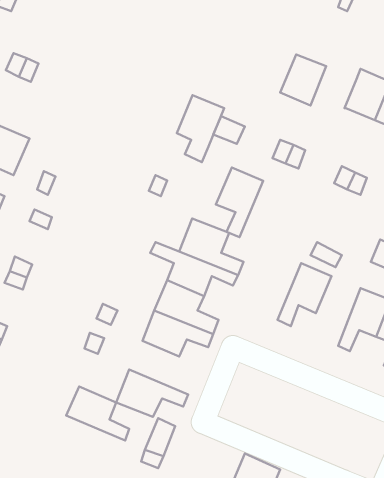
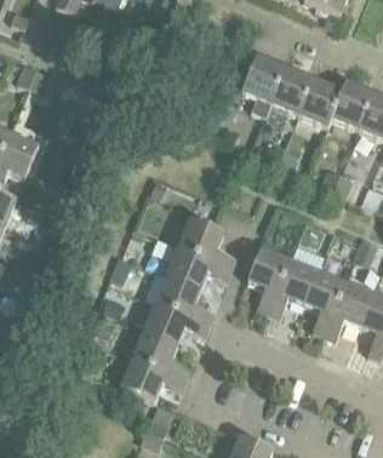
building: none -> [298,78,341,126]
building: [177,95,224,162] -> [241,55,285,116]
building: [216,168,263,237] -> [246,247,290,311]
building: none -> [303,271,344,336]
building: [66,387,129,440] -> [131,331,189,380]

